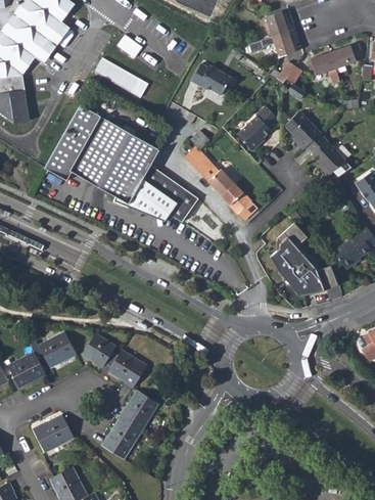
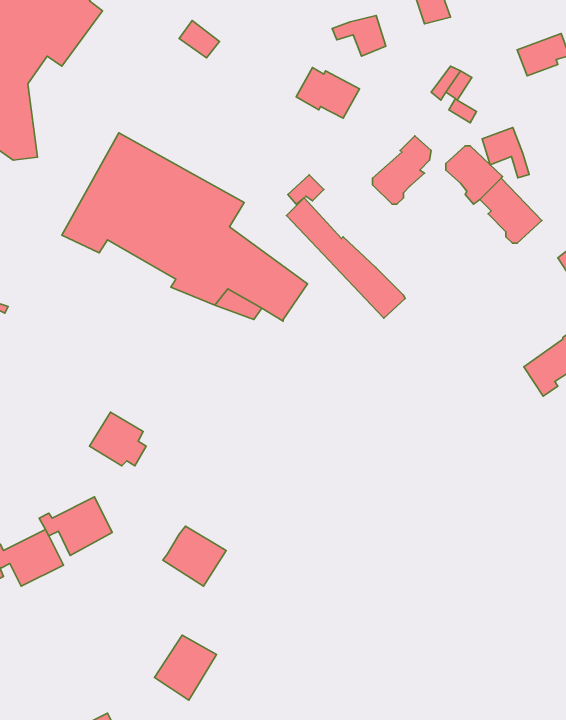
building: [261,31,294,56] -> [332,15,386,56]
building: [311,51,340,83] -> [482,127,529,178]
building: [93,57,148,97] -> none
building: [270,222,339,296] -> none
building: [82,334,118,368] -> [89,412,146,466]
building: [120,392,157,431] -> none
building: [33,416,73,453] -> none

